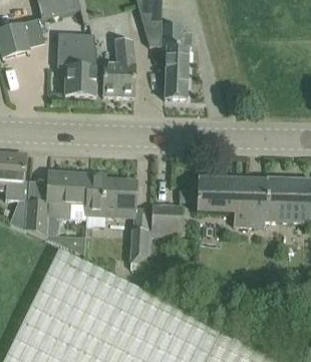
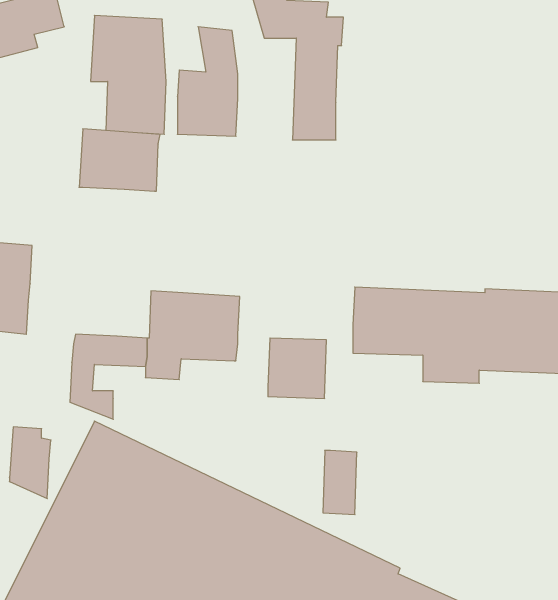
building: [47,171,90,205] -> [79,129,160,191]
building: [26,201,48,239] -> [9,427,51,499]
building: [130,230,148,264] -> [323,450,357,515]

